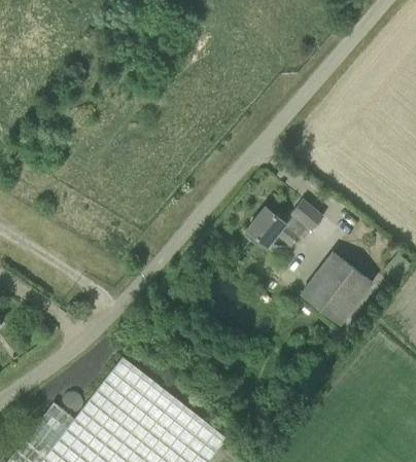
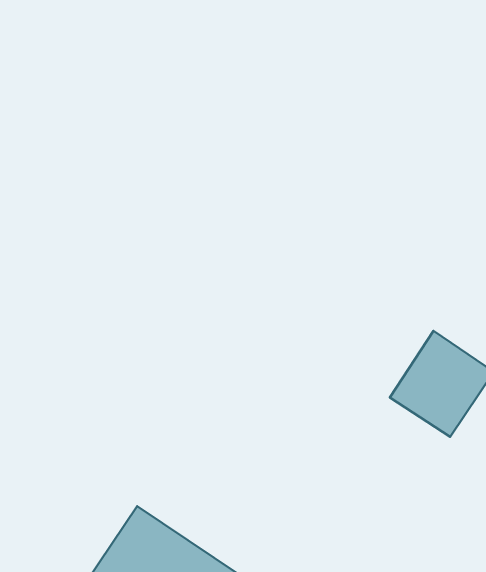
building: [245,201,321,250] -> none

